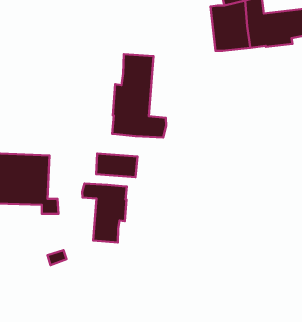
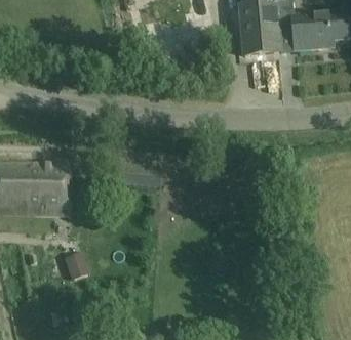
building: [112,54,166,137] -> none
building: [82,184,127,242] -> none

